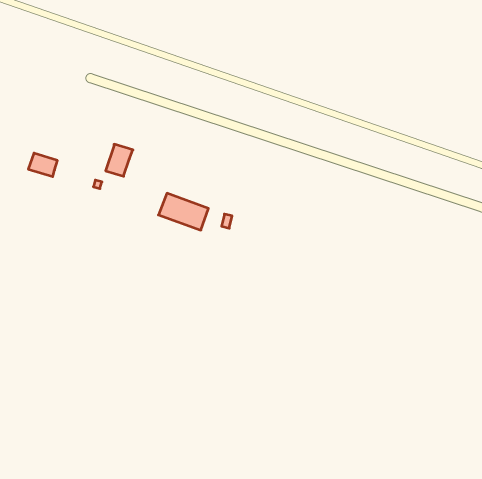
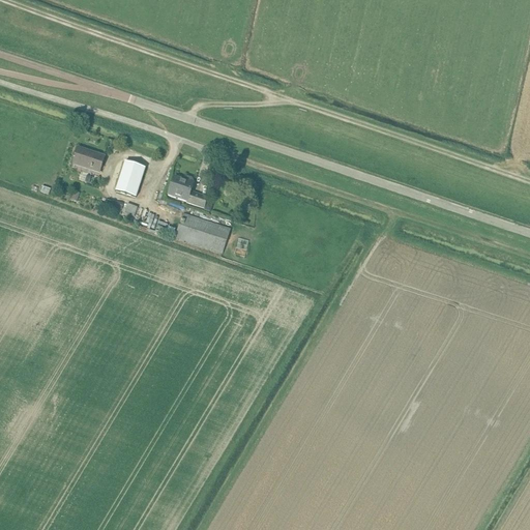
building: [28,153,57,177] -> [72,145,105,171]
building: none -> [168,174,208,206]

